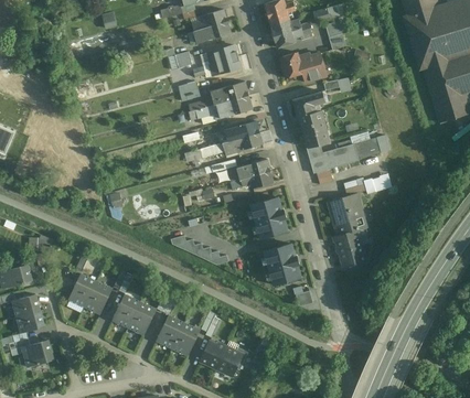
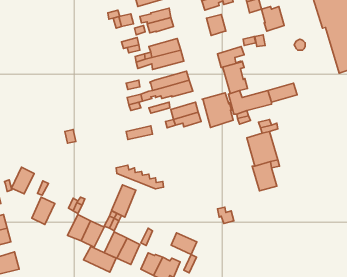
building: [298,53,325,83] -> [261,6,284,31]
building: [249,197,287,239] -> [202,93,233,127]
building: [263,244,300,286] -> none
building: none -> [112,185,136,217]
building: [84,281,111,313] -> [11,167,34,194]
building: none -> [171,233,197,255]
building: none -> [84,247,116,272]

